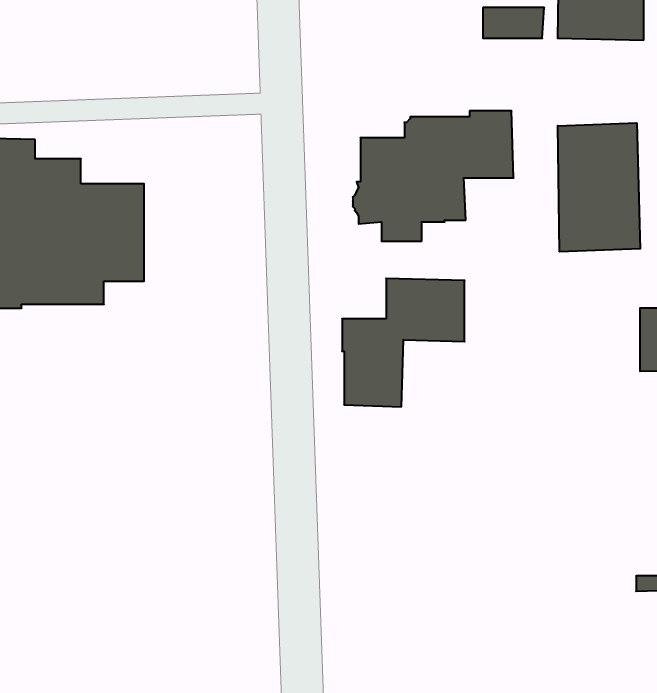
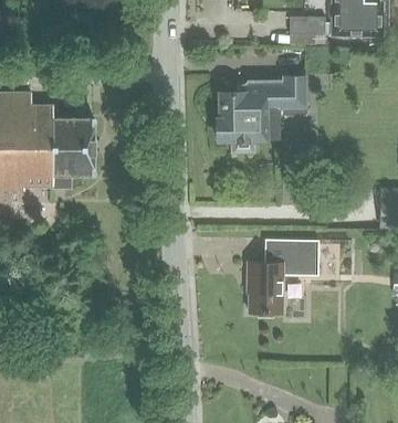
building: [558,123,640,252] -> none
building: [342,278,465,407] -> [248,239,318,313]

